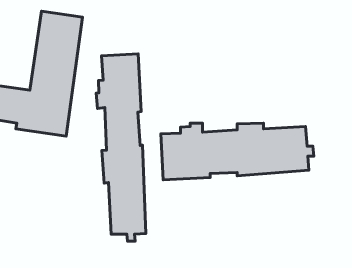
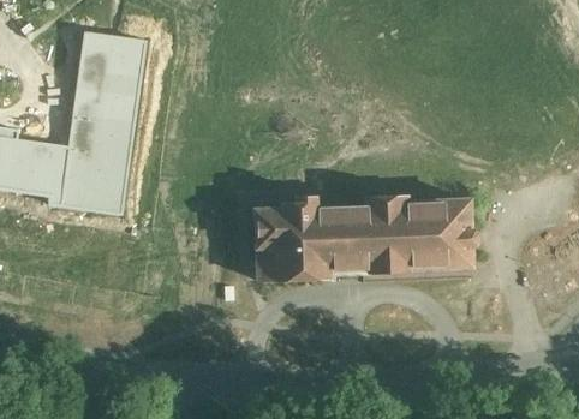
building: [96,54,146,241] -> none

